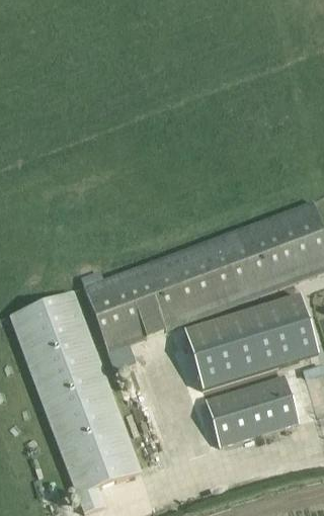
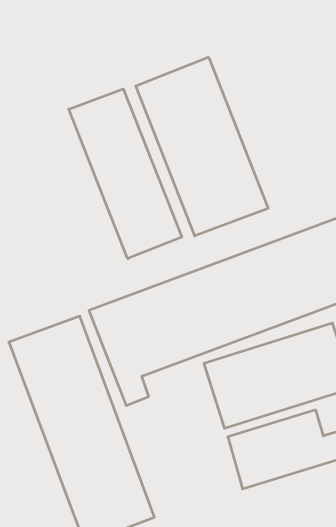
building: none -> [136,57,268,236]
building: none -> [69,89,182,259]

